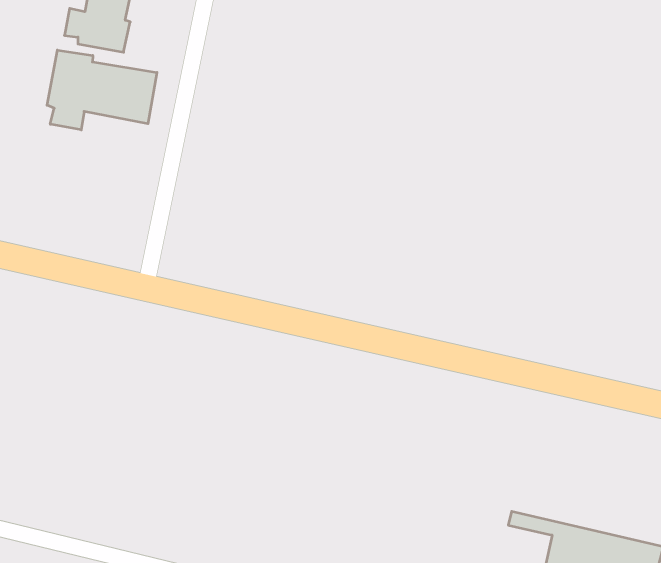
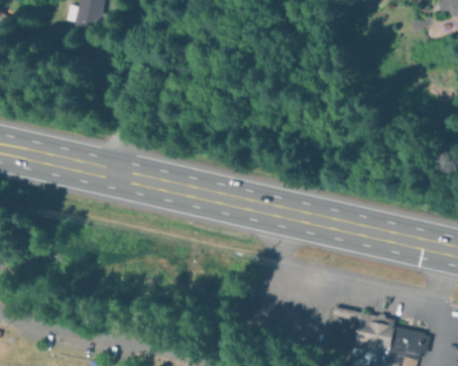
building: [47,50,157,130] -> none

